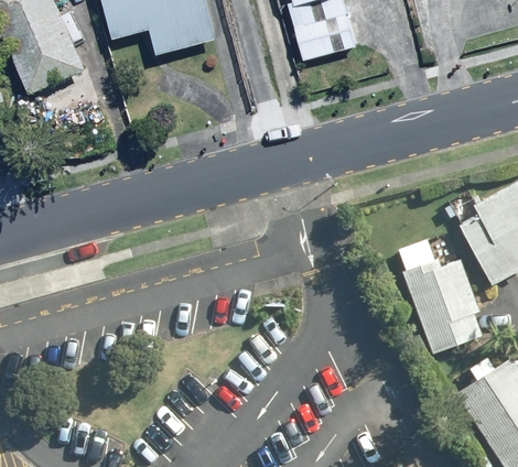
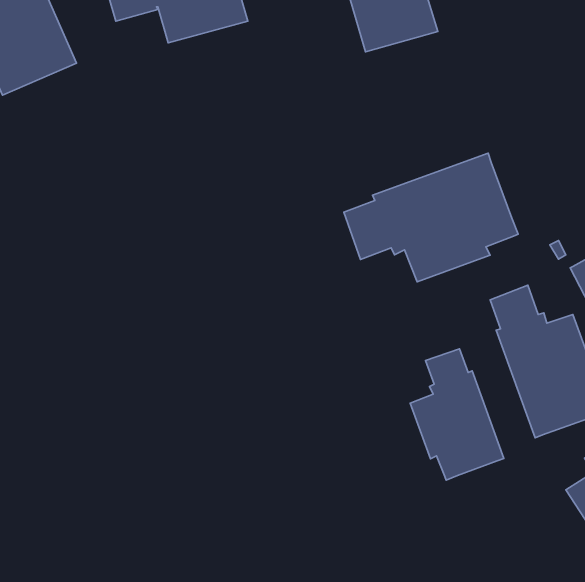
building: none -> [344,153,518,282]
building: none -> [410,349,504,480]

